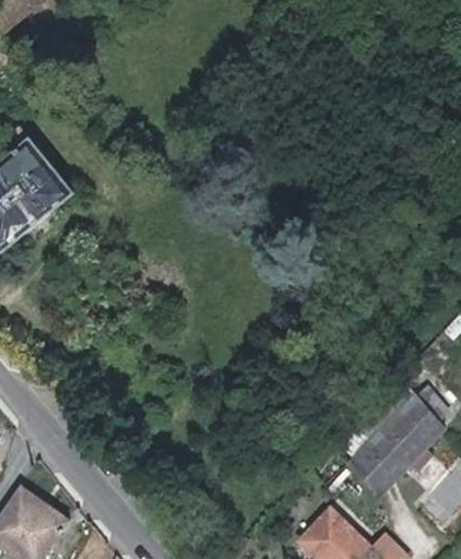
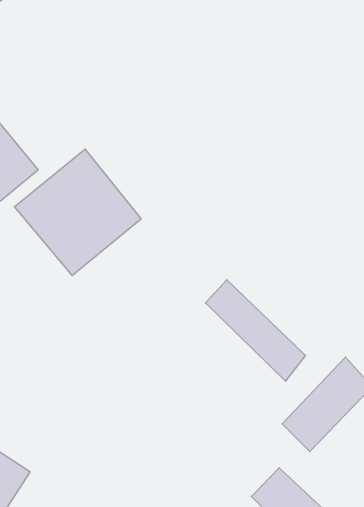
building: none -> [15,149,141,275]
building: none -> [206,280,305,381]

